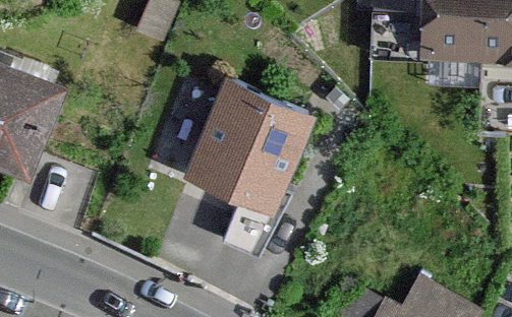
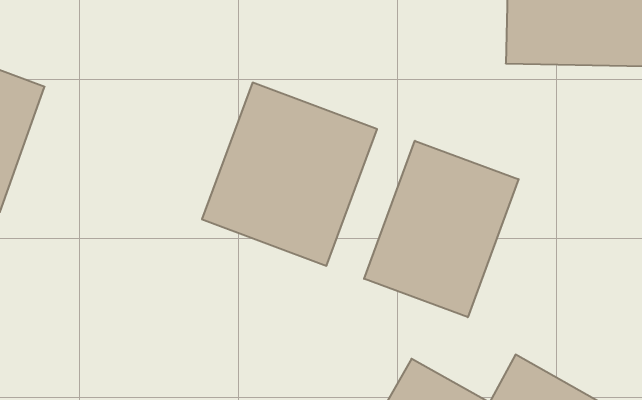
building: none -> [364,141,519,317]

